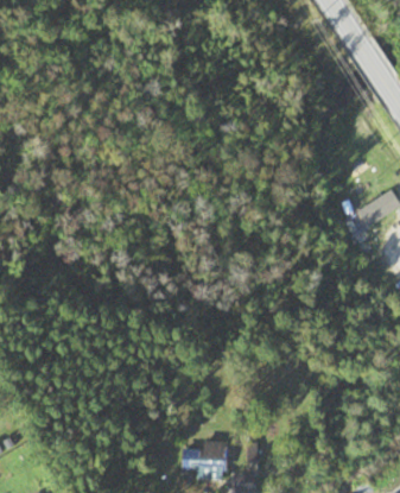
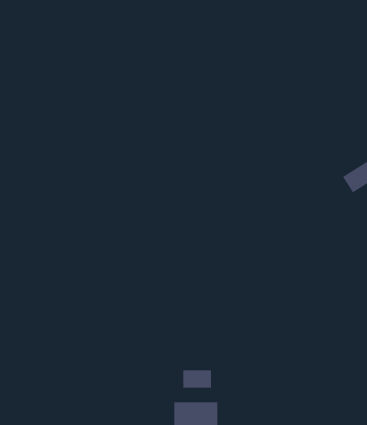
building: none -> [183,369,212,389]

